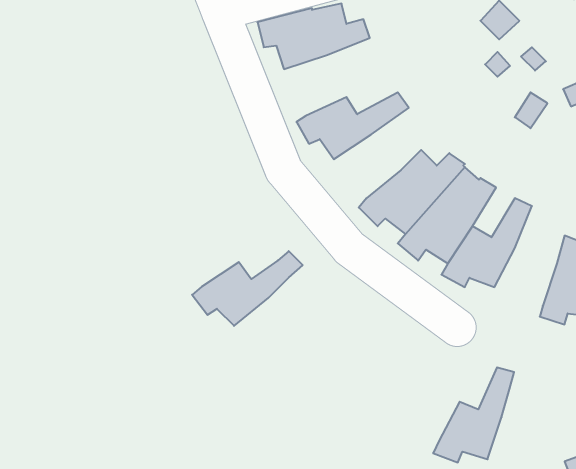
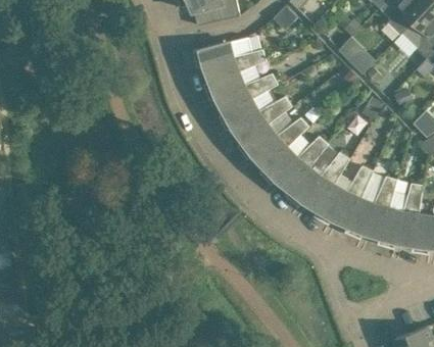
building: none -> [202,71,277,111]
building: [192,251,303,326] -> [236,116,308,165]
building: [433,367,514,462] -> [343,176,396,238]

